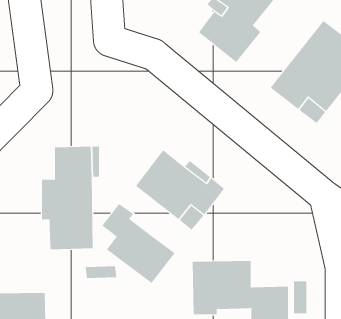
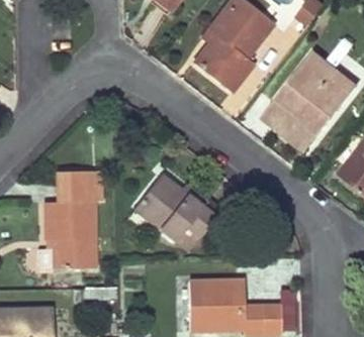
building: [101,203,175,284] -> none

